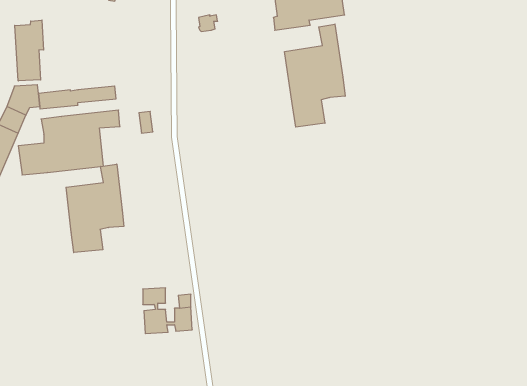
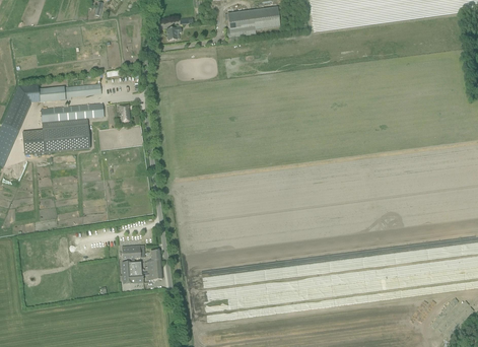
building: [15,20,44,81] -> none
building: [285,24,345,127] -> none
building: [66,164,124,253] -> none

